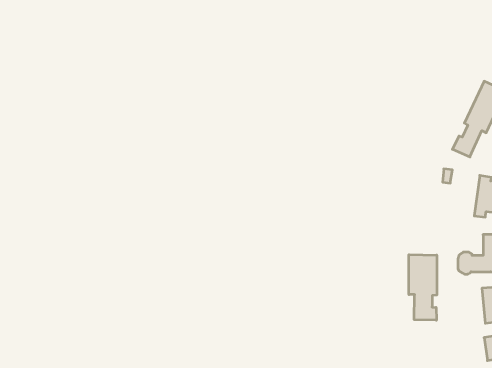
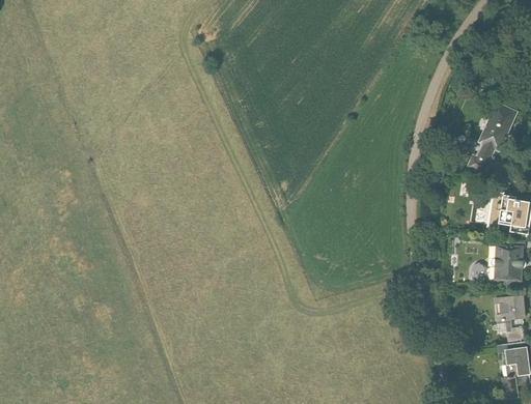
building: [409,255,437,320] -> none

